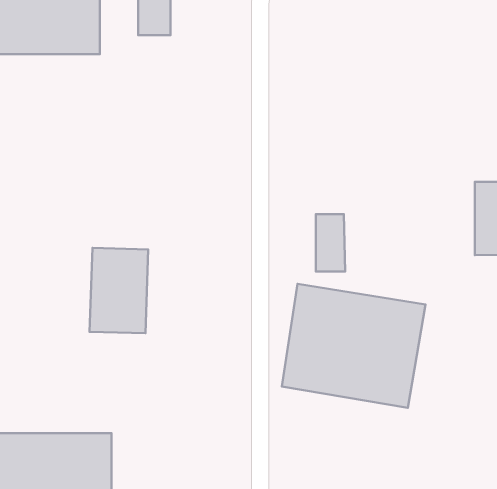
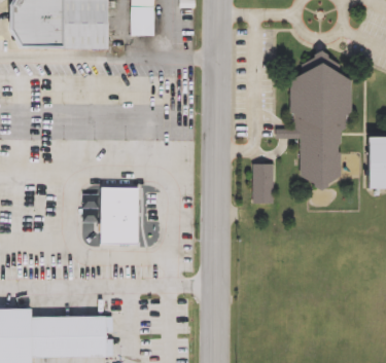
building: none -> [276,55,350,189]
building: [282,284,425,408] -> none

